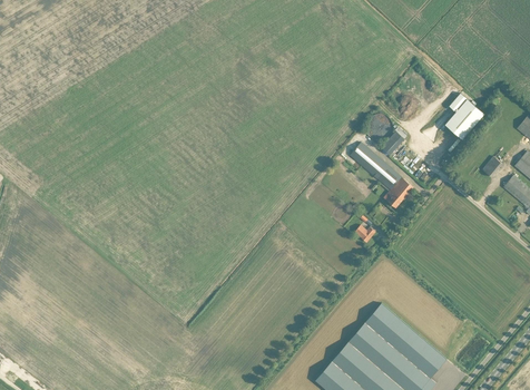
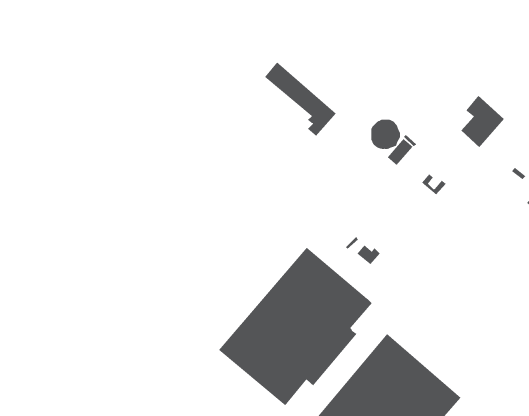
building: [349,142,412,207] -> [264,62,336,136]
building: none -> [218,247,373,406]

